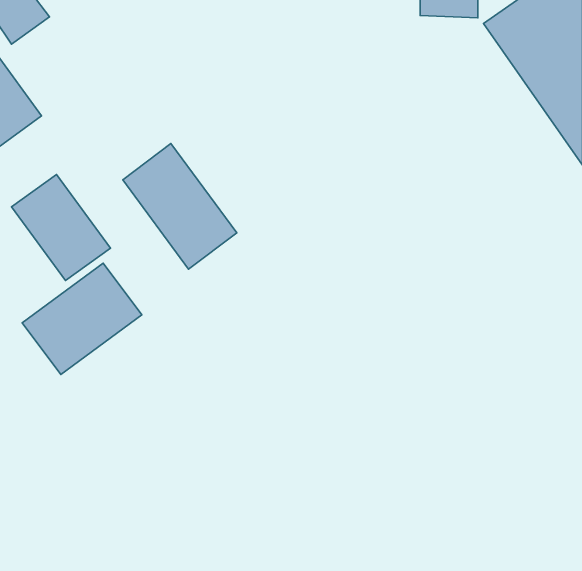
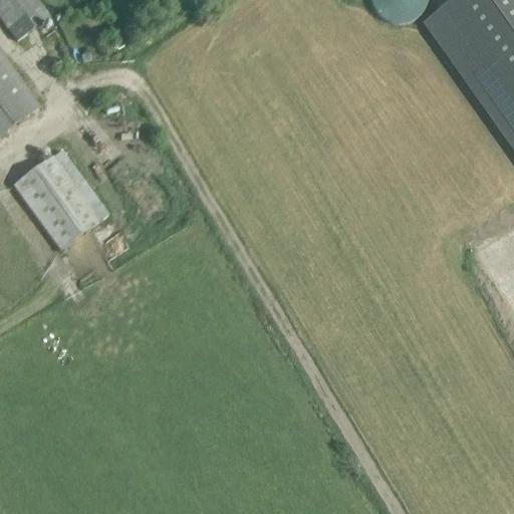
building: [123,143,237,269] -> none
building: [22,263,142,374] -> none

